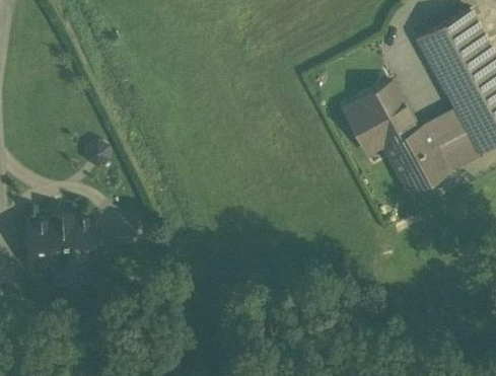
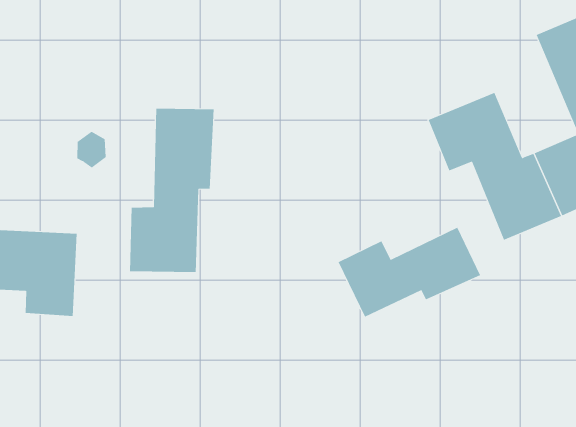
building: none -> [130,108,214,273]
building: none -> [338,227,481,317]

